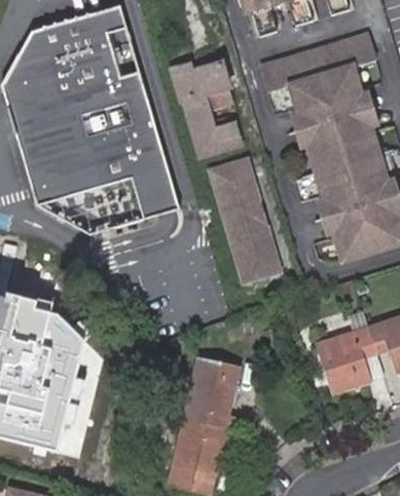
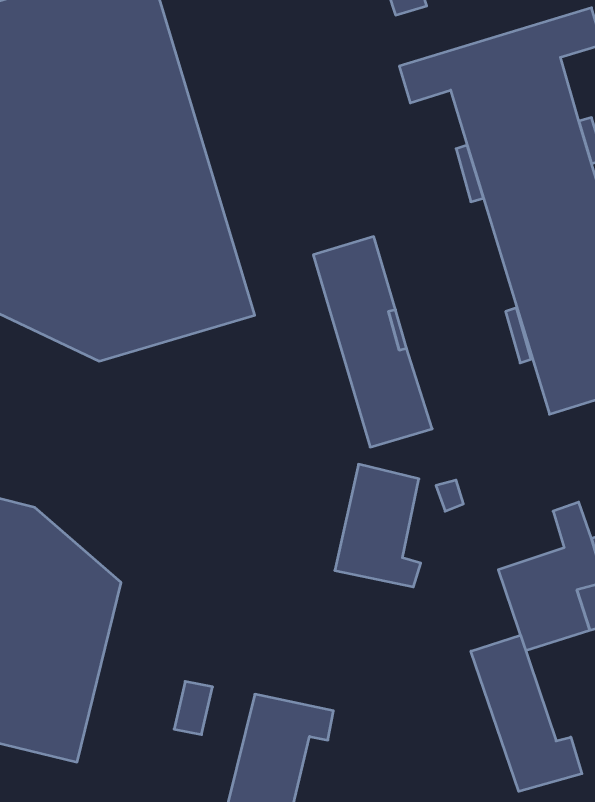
building: [174,62,242,154] -> none
building: [180,357,228,426] -> [335,464,421,587]
building: none -> [471,635,582,791]

